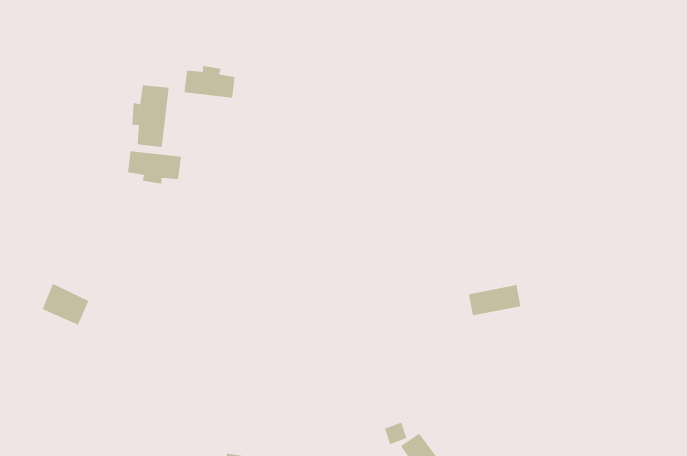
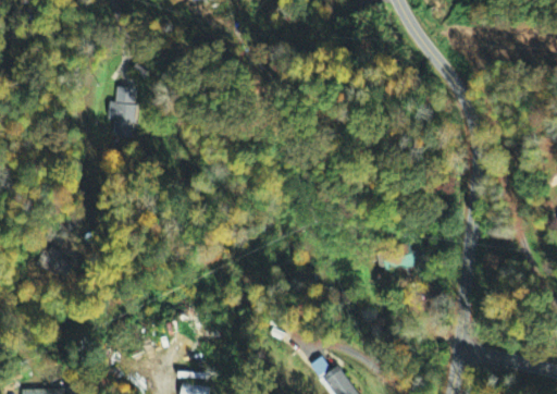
building: [184,65,235,99] -> none
building: [127,150,181,184] -> none

